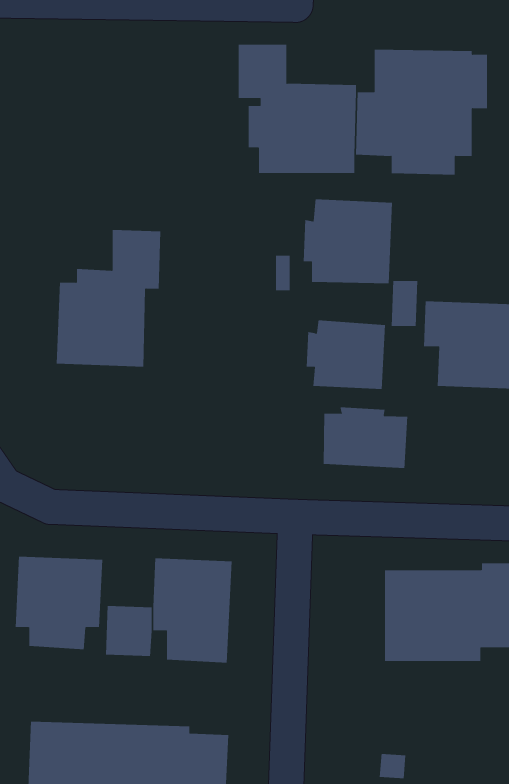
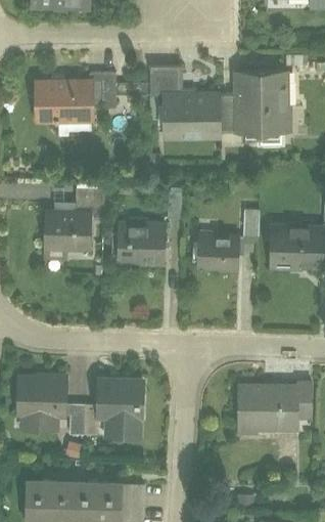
building: none -> [33,72,114,137]
building: [303,199,393,284] -> [110,217,165,268]
building: [323,407,408,469] -> none

